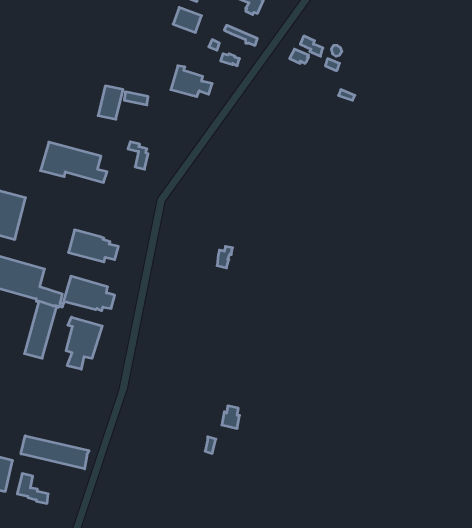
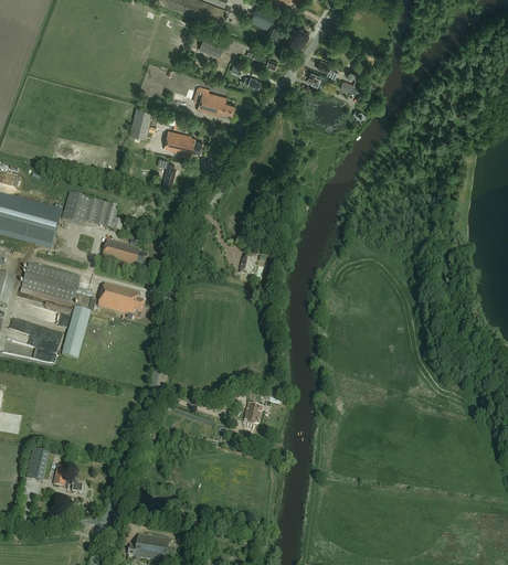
building: none -> [163,128,201,152]
building: [40,142,107,182] -> [61,191,123,228]
building: [66,317,102,369] -> none
building: [21,436,89,469] -> none

